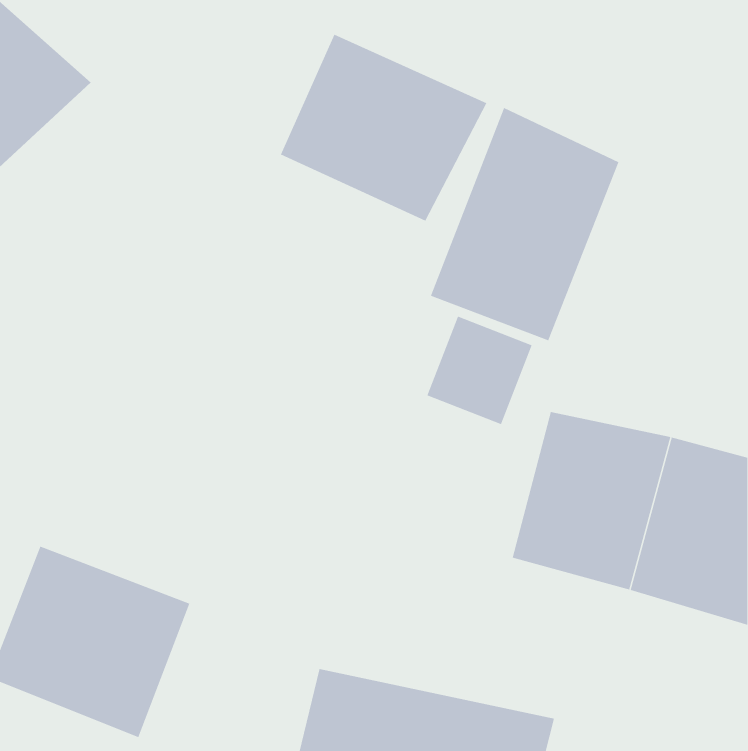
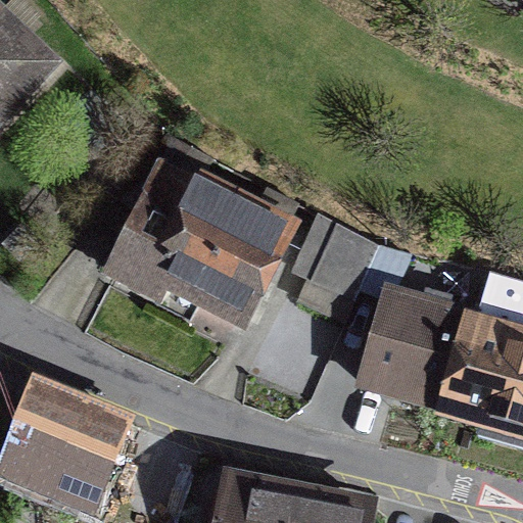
building: [280,34,487,221] -> none
building: [430,107,619,341] -> none
building: none -> [104,153,299,329]

